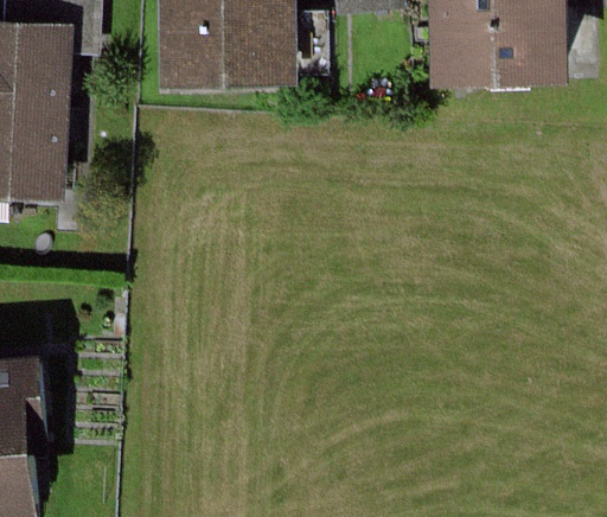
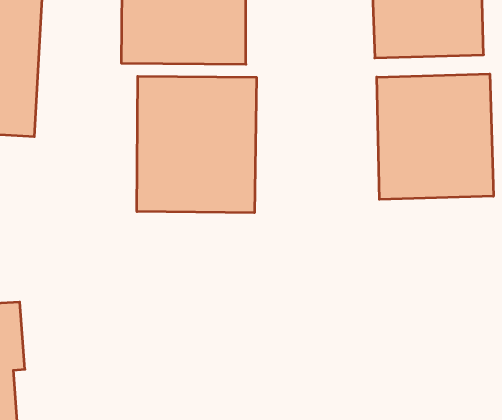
building: none -> [377,74,493,199]
building: none -> [137,76,256,213]

